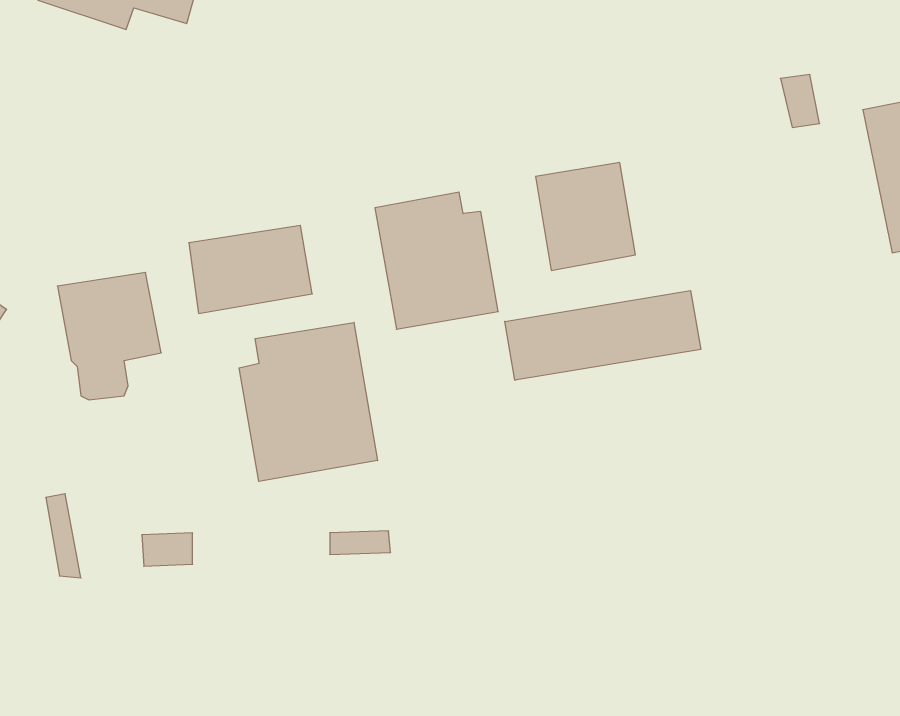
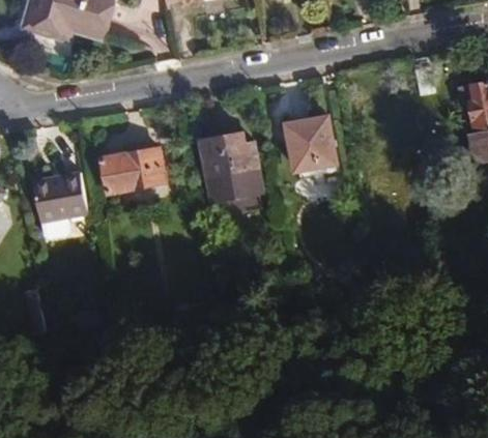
building: [505,291,701,380] -> none
building: [239,322,378,481] -> none

